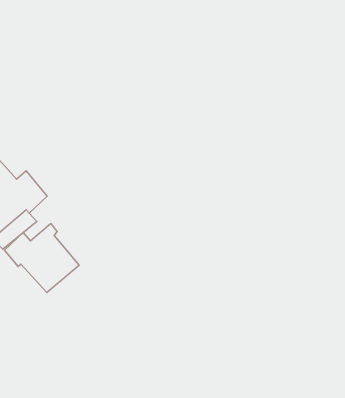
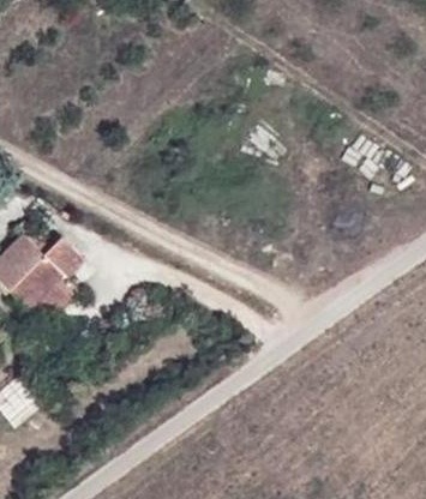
building: [5,224,79,293] -> none

